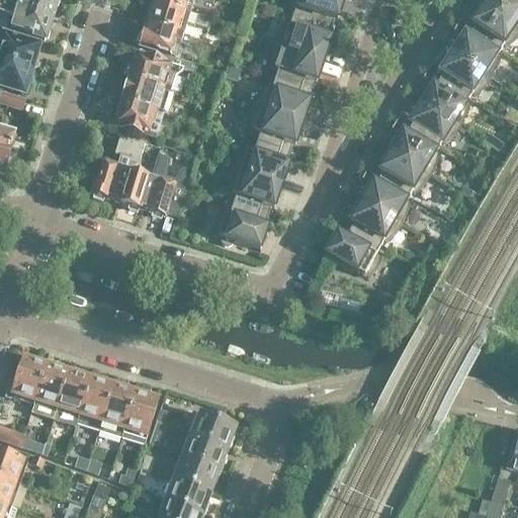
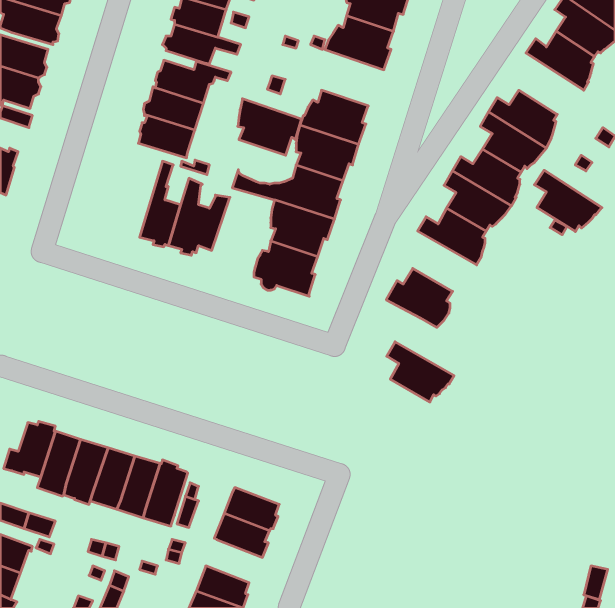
building: [269,41,323,89] -> [238,99,301,155]
building: [434,45,491,96] -> [534,170,602,232]
building: [90,131,137,199] -> none
building: [344,194,401,245] -> [387,342,454,402]
building: [173,453,221,490] -> none

